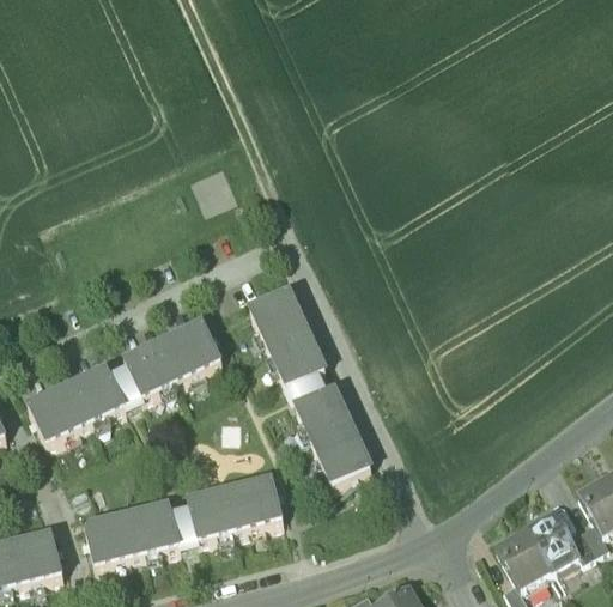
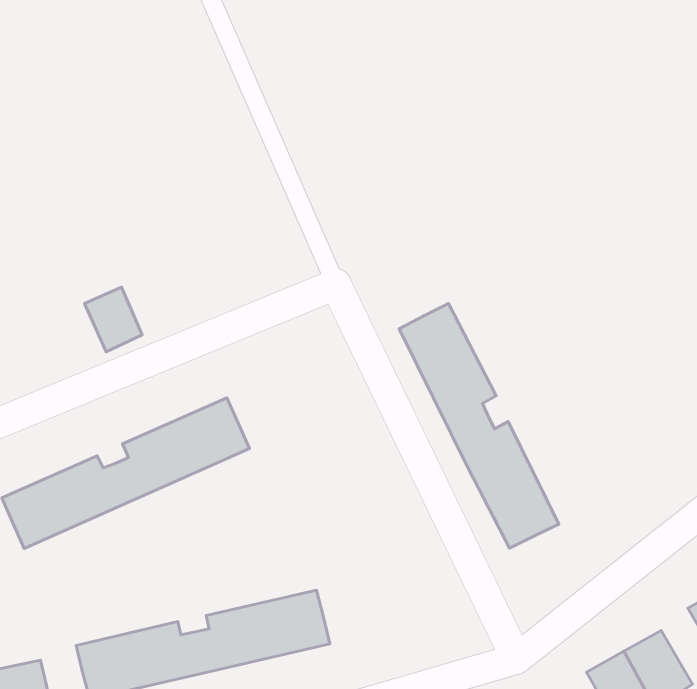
building: none -> [85,287,142,352]
building: [245,289,374,485] -> [399,303,559,548]

